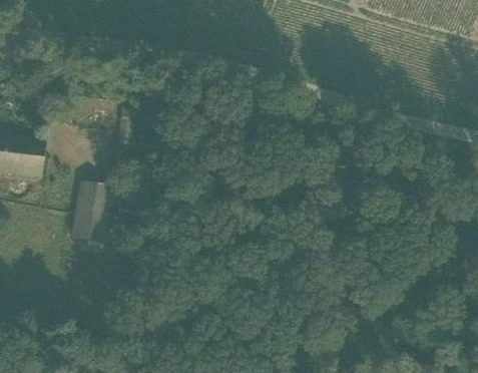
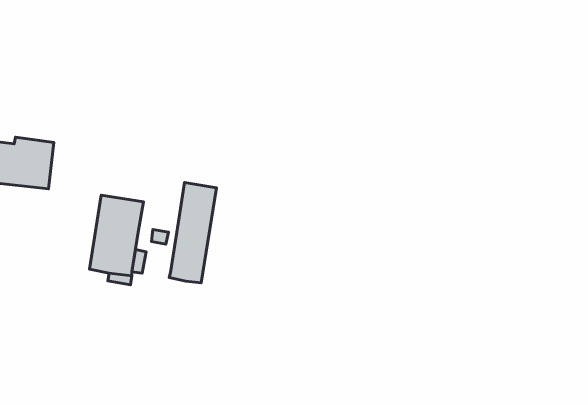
building: none -> [169,182,216,283]

